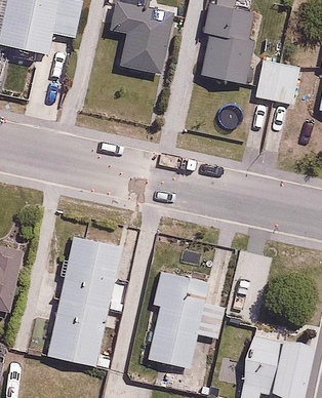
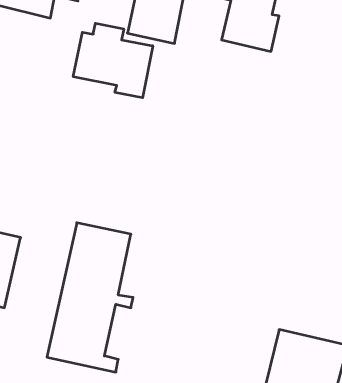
building: [251,57,300,105] -> none
building: none -> [73,23,153,98]
building: [145,270,227,368] -> none

